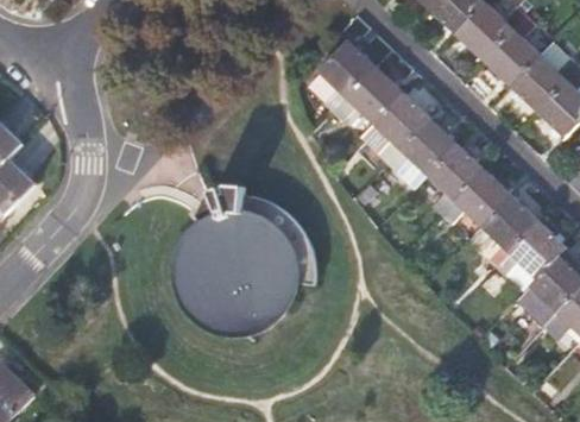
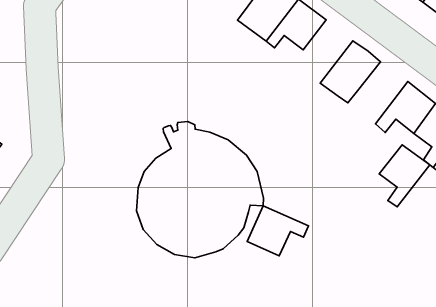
building: [361,92,428,159] -> none
building: [427,144,483,210] -> [379,145,430,207]
building: none -> [247,206,308,256]

